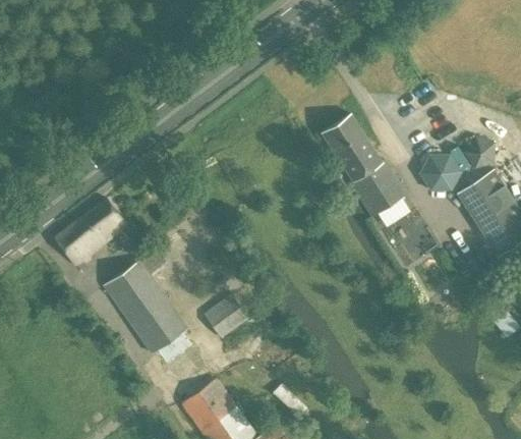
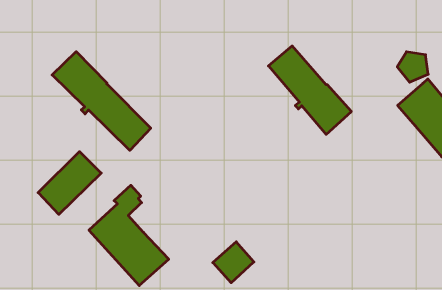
building: none -> [52,52,151,150]
building: [419,155,460,191] -> none
building: [204,294,248,338] -> [213,242,254,283]

